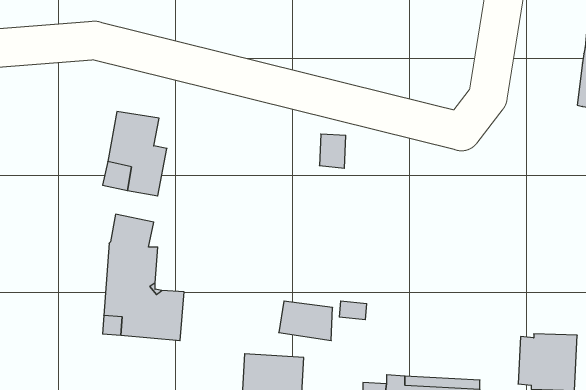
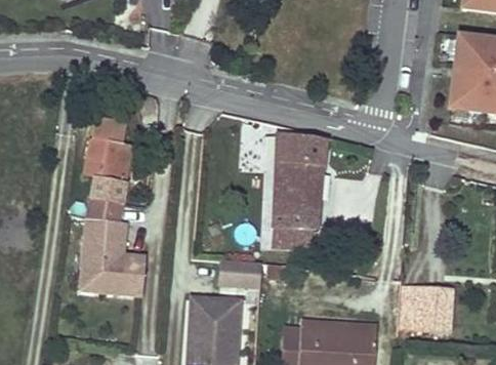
building: none -> [273,130,326,248]

